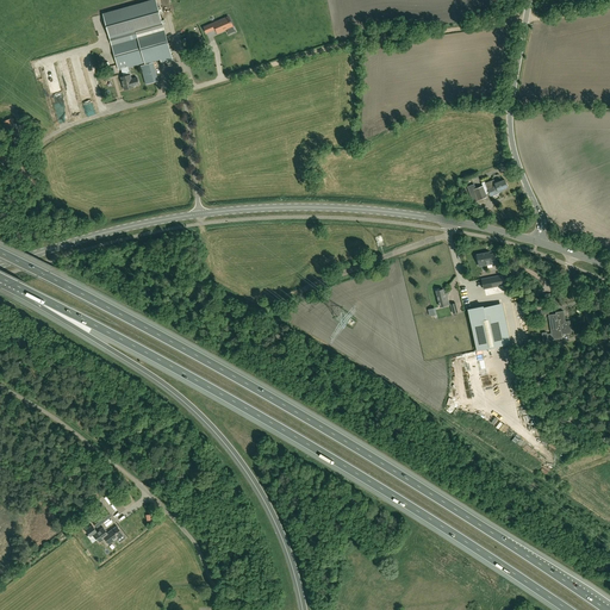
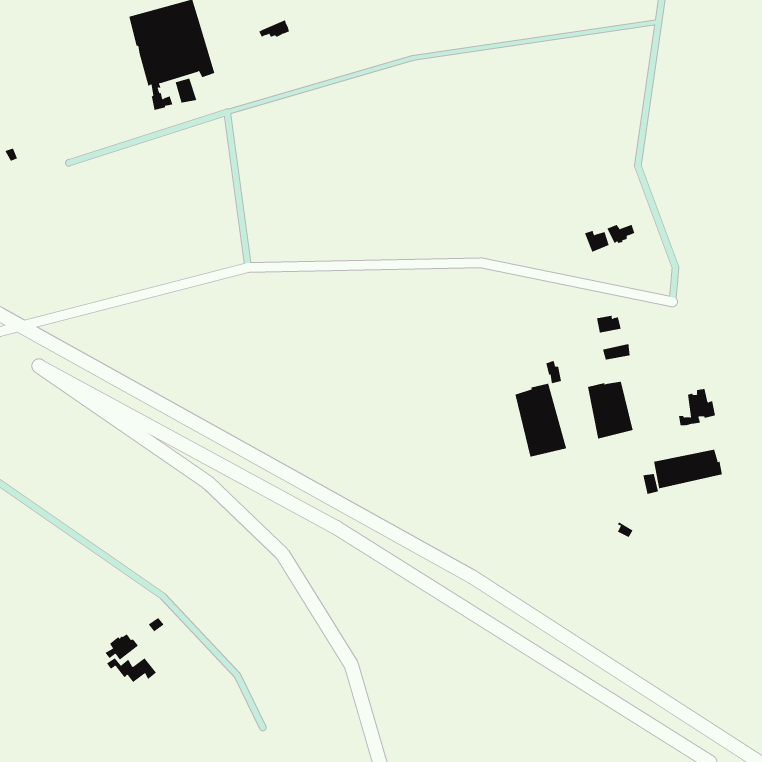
building: none -> [515,383,567,457]
building: none -> [654,449,722,489]

